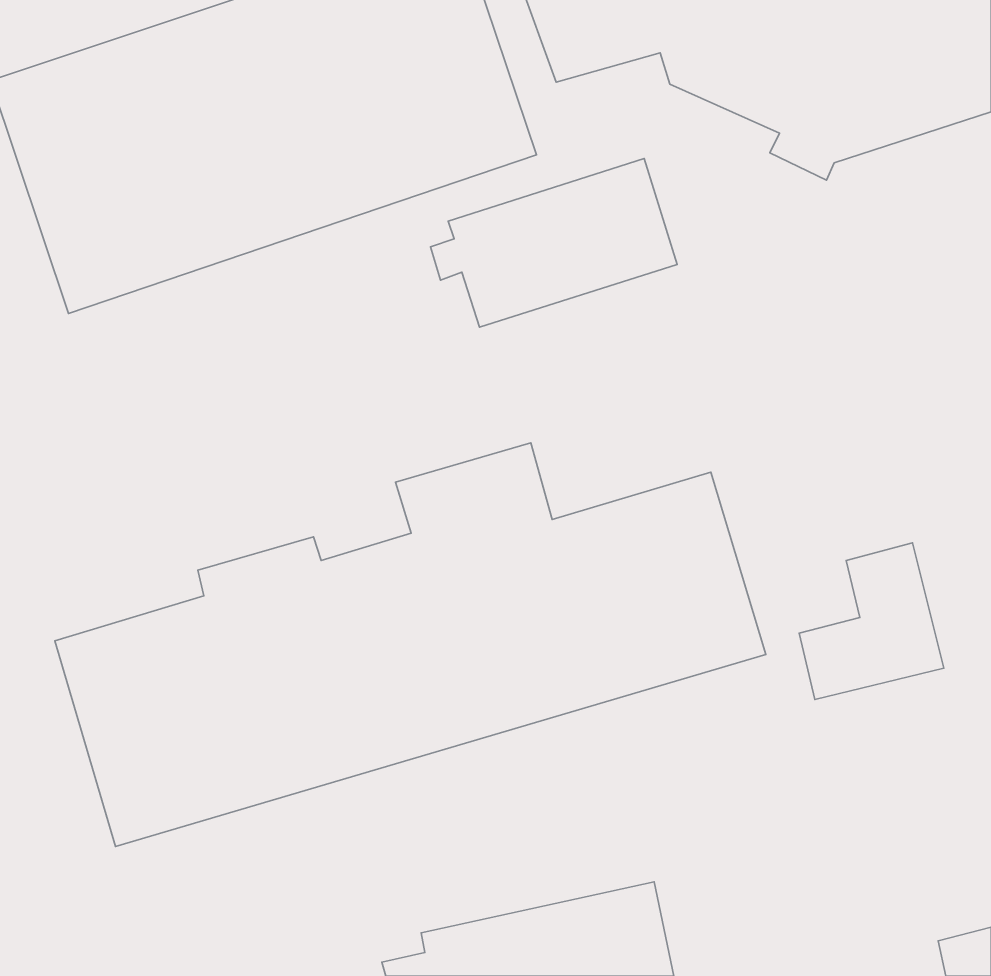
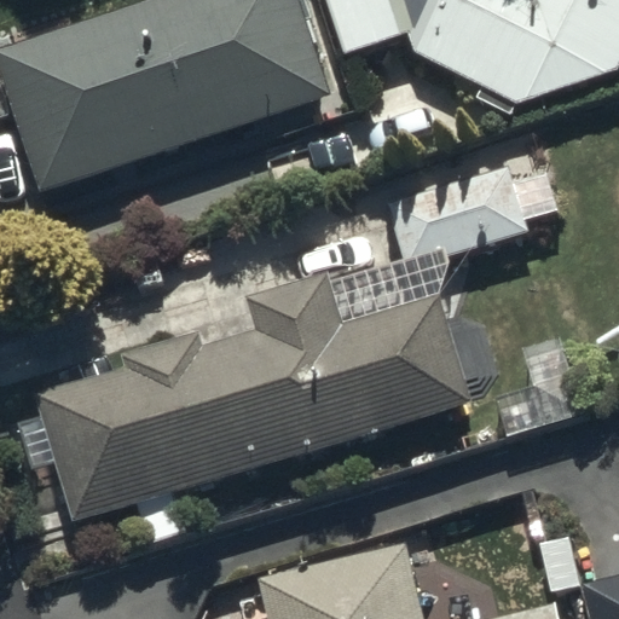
building: [431,159,677,327] -> [375,163,527,267]

